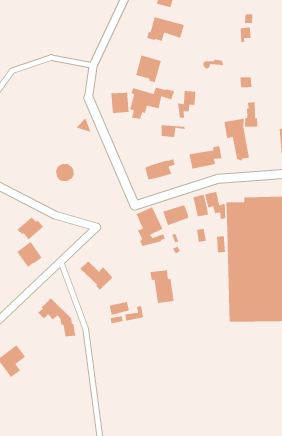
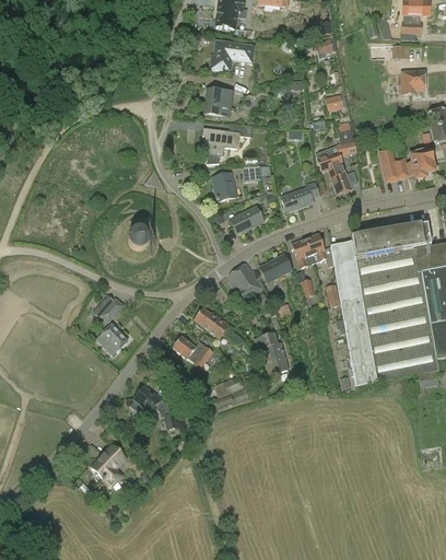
building: [177,90,196,118] -> none
building: [111,92,129,114] -> [212,172,237,200]
building: none -> [193,306,245,345]

